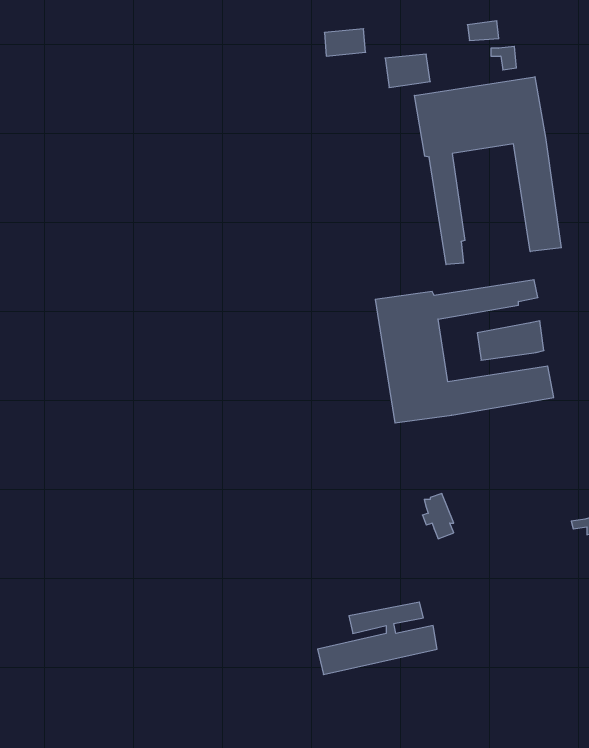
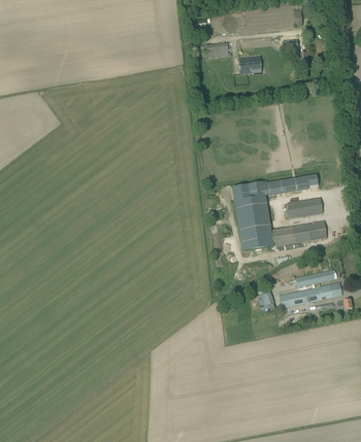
building: [414,77,561,265] -> none
building: [318,602,437,675] -> [278,270,341,308]

